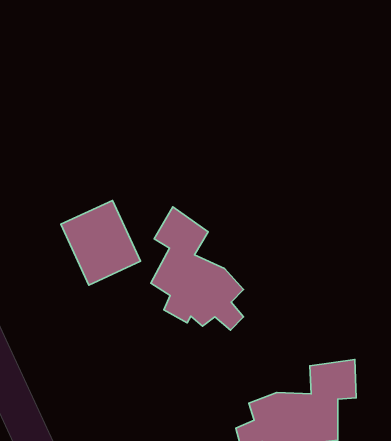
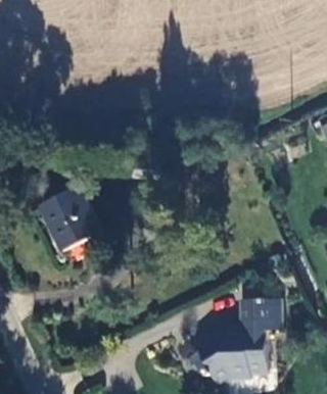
building: [151,207,243,330] -> none

